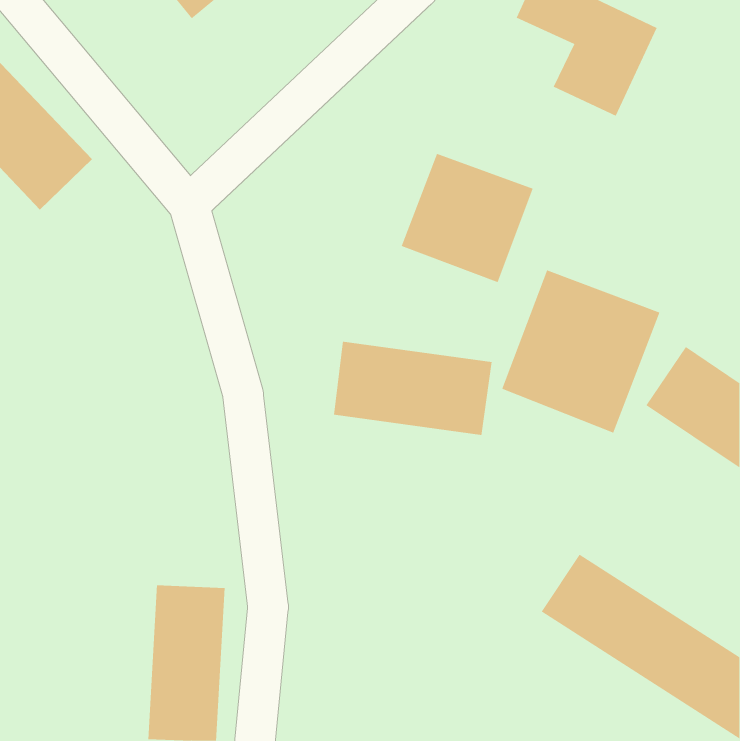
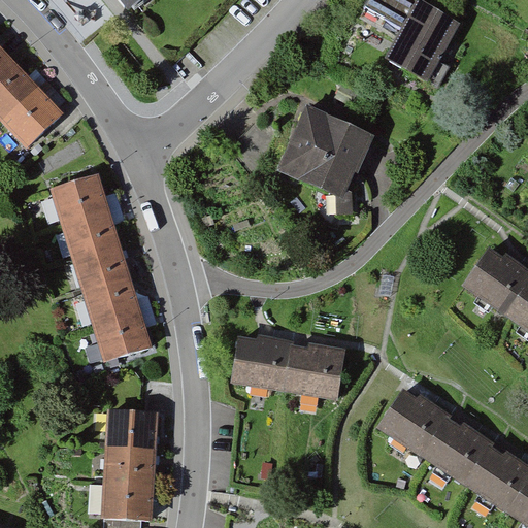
building: none -> [51,174,152,363]
building: [502,269,660,434] -> none
building: [333,341,492,436] -> [233,333,344,399]

